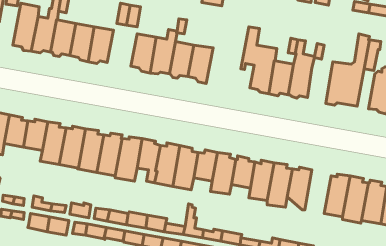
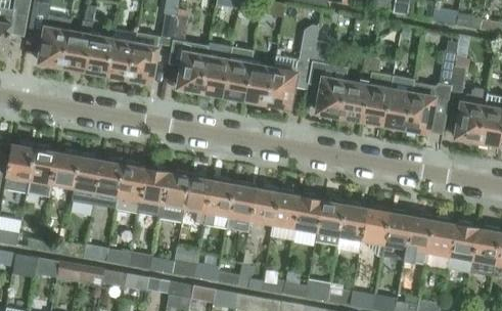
building: none -> [266,26,319,108]
building: none -> [384,89,412,131]
building: none -> [381,209,412,260]

